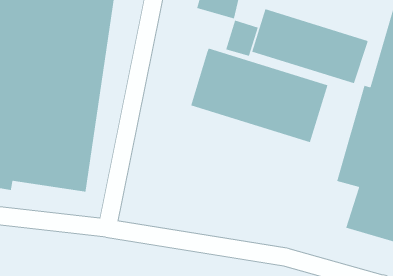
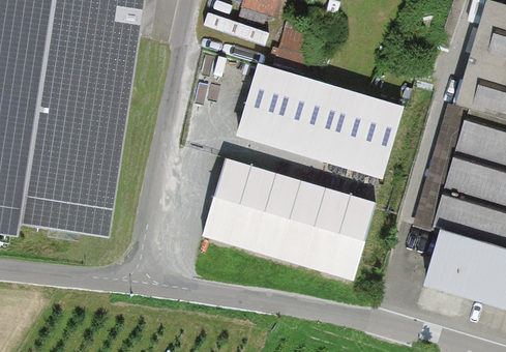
building: [251,8,368,84] -> none
building: none -> [200,157,376,281]

